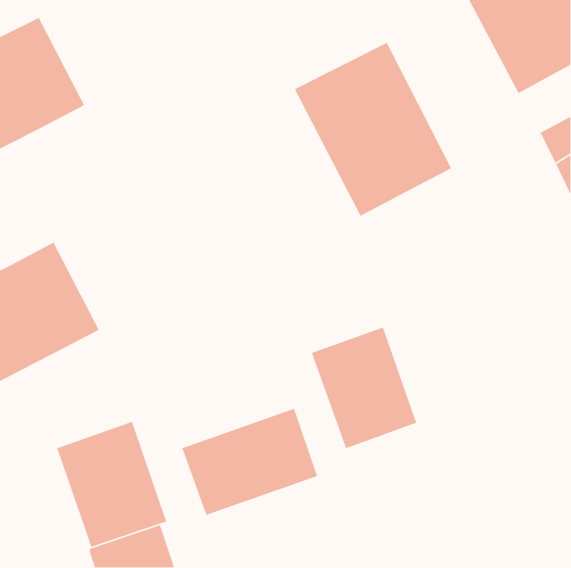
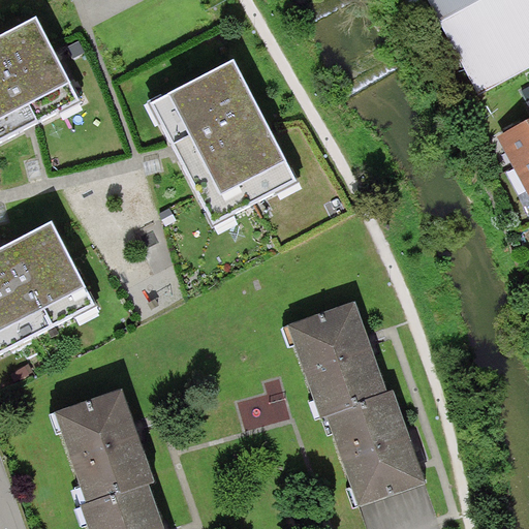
building: [294,42,452,217] -> [150,61,295,222]
building: [181,408,318,516] -> none
building: none -> [324,388,423,505]

